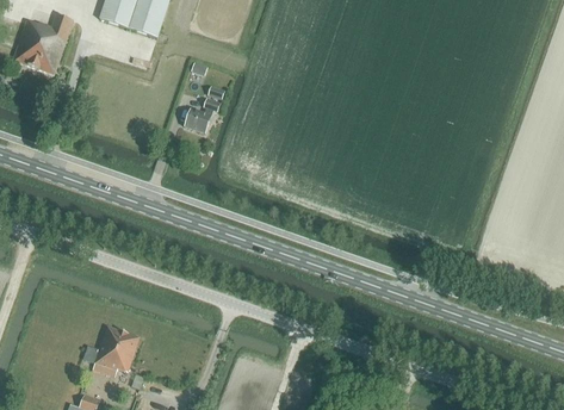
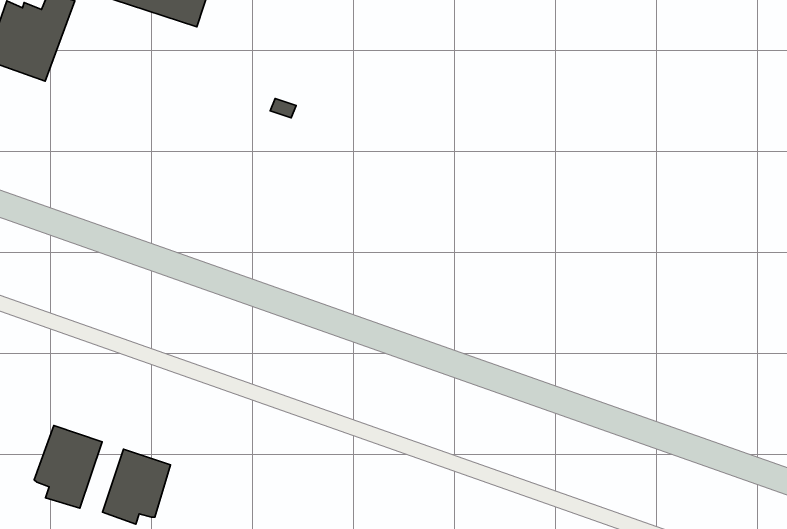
building: [184,98,219,133] -> none
building: none -> [34,426,102,508]

